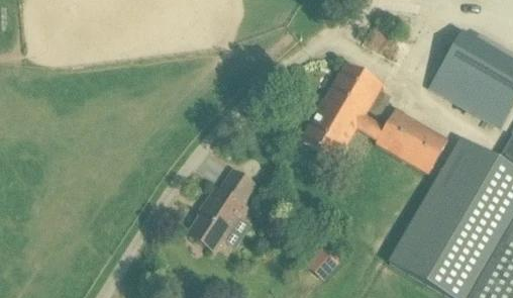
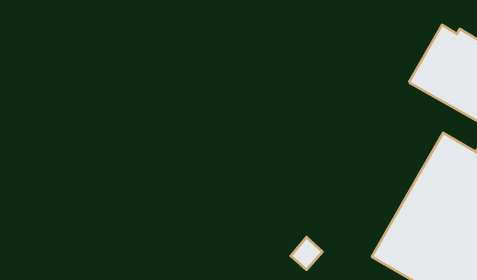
building: [300,61,447,171] -> none
building: [189,168,255,250] -> none

